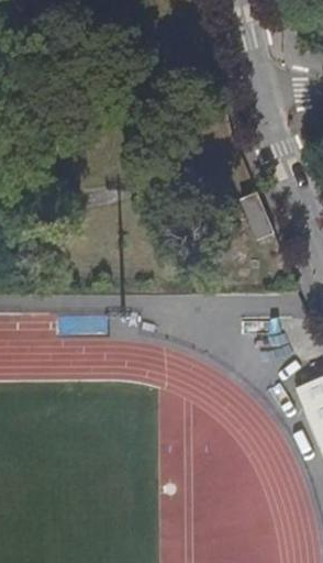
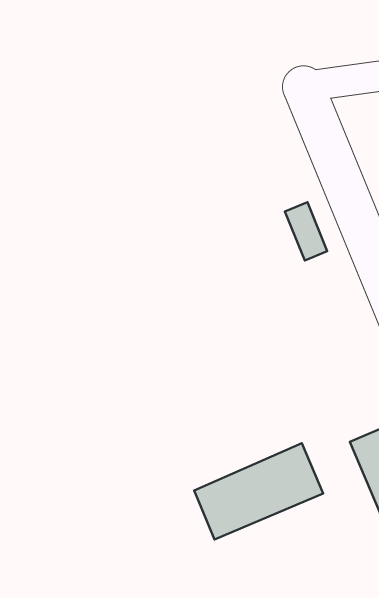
building: none -> [194,443,323,539]

